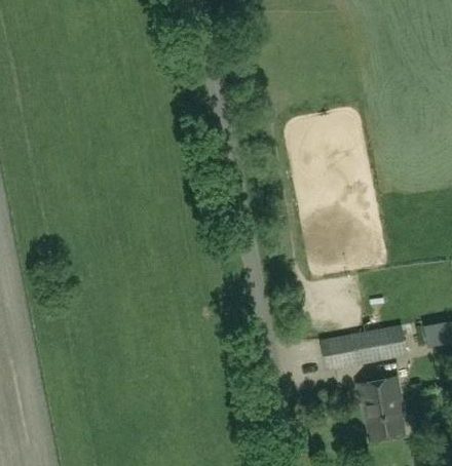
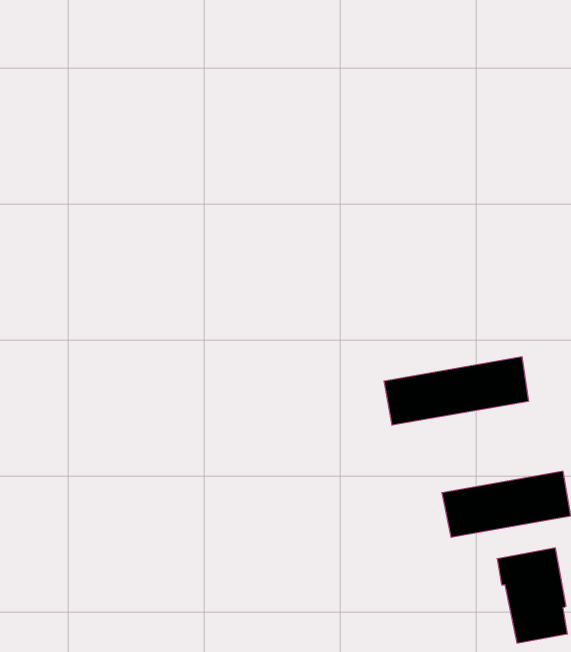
building: none -> [384,357,528,425]

